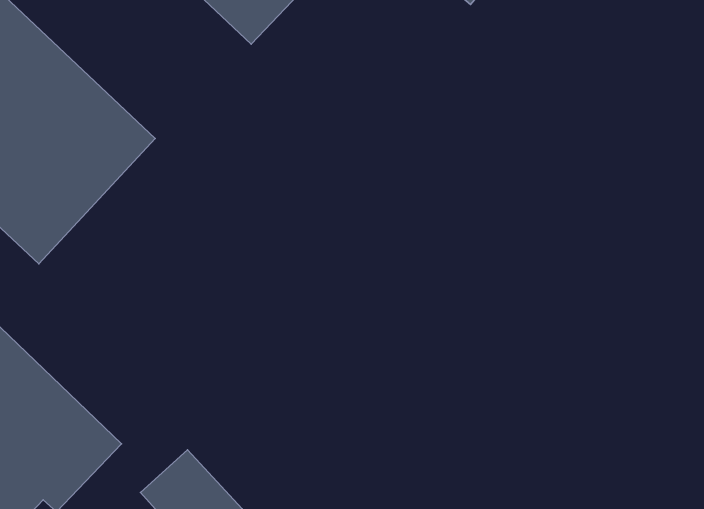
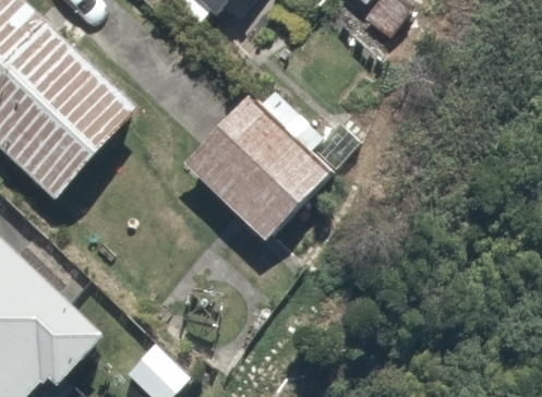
building: none -> [186,97,330,241]

